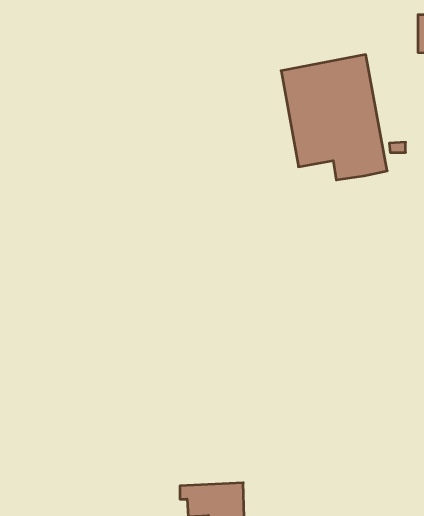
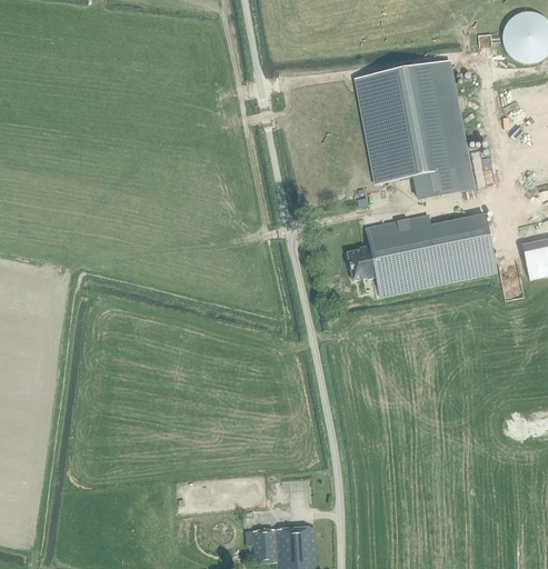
building: none -> [348,214,495,293]

